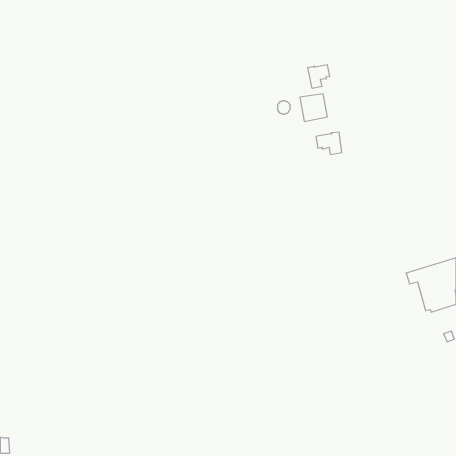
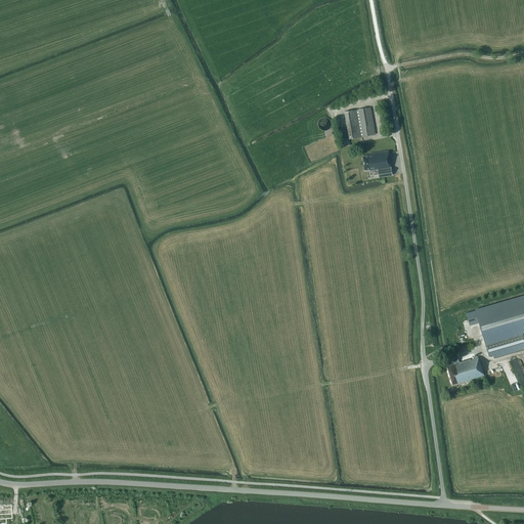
building: [308,65,329,88] -> none
building: none -> [447,356,485,384]

